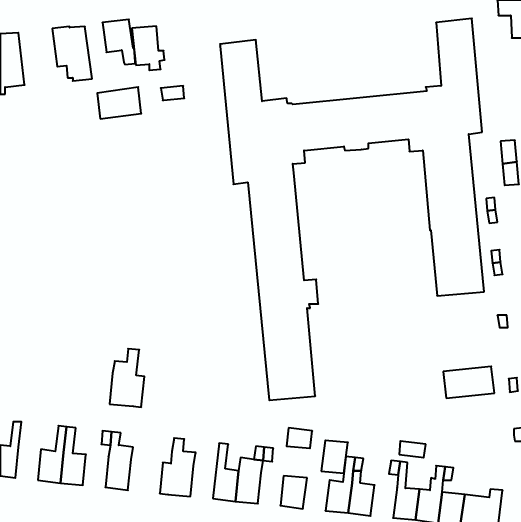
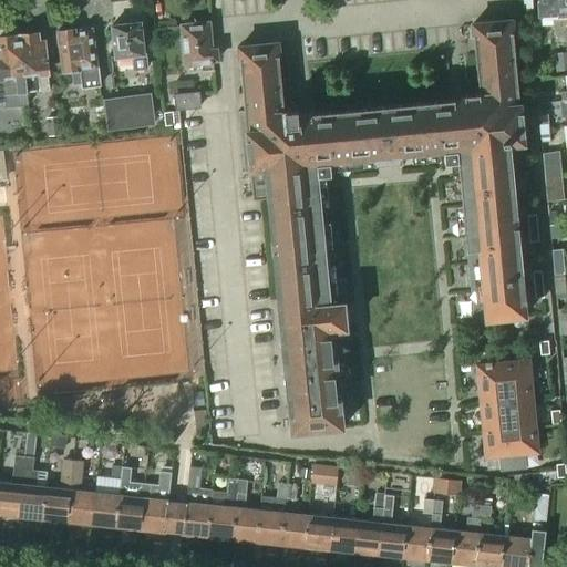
building: [132,26,165,70] -> [184,24,219,72]
building: none -> [22,34,52,93]
building: none -> [478,360,534,403]
building: [110,349,144,407] -> [141,472,178,535]
building: none -> [485,426,539,471]
building: none -> [19,457,49,520]
building: [321,440,348,473] -> [330,518,359,554]
building: none -> [208,480,239,540]
building: none -> [92,493,120,528]
building: none -> [281,513,309,548]
building: none -> [403,526,432,561]

